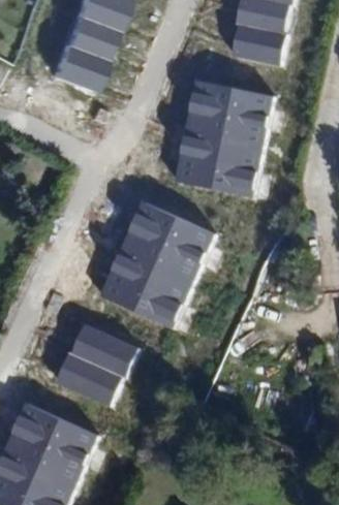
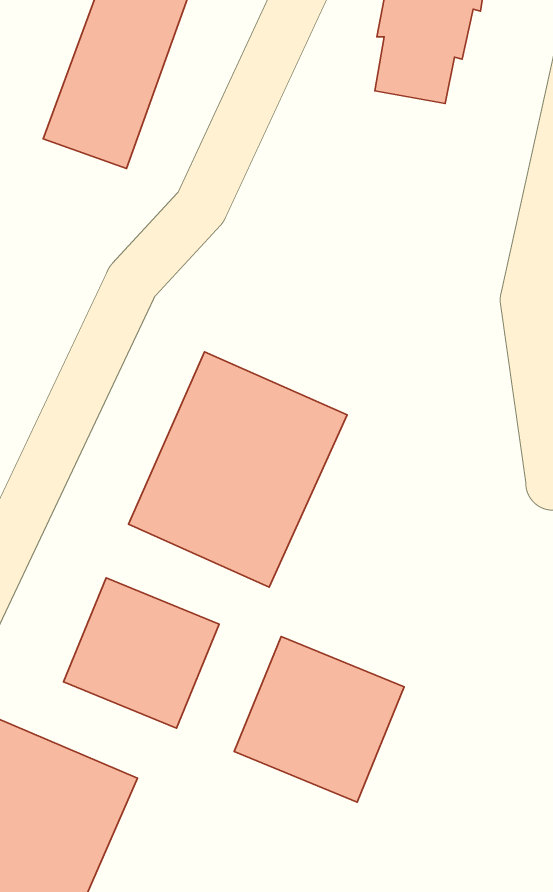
building: [173,78,274,198] -> none
building: none -> [234,636,404,802]

